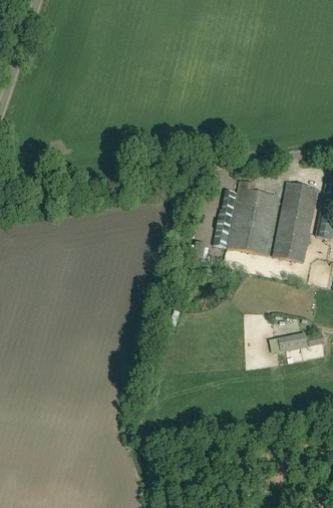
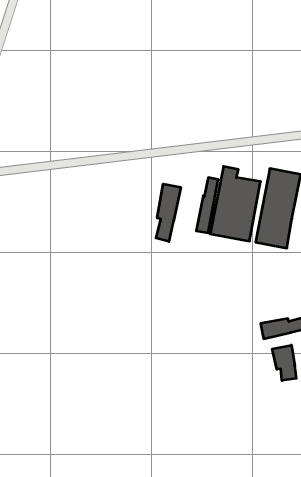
building: none -> [156,184,181,242]
building: none -> [272,345,296,381]

